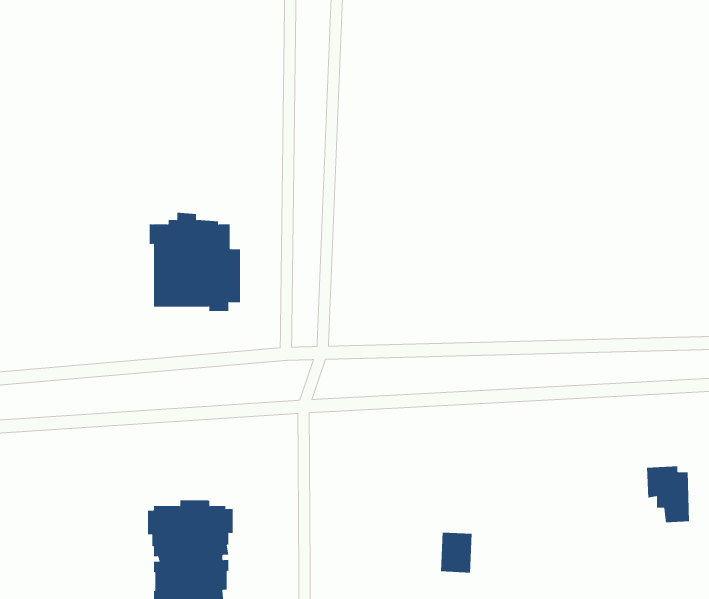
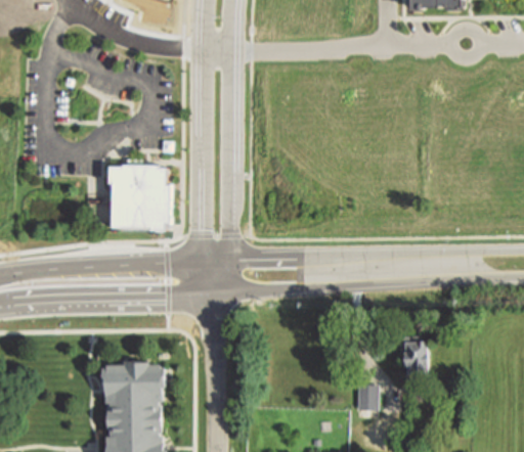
building: [646,466,690,523] -> [397,334,428,374]
building: [440,532,472,573] -> [355,381,378,410]

